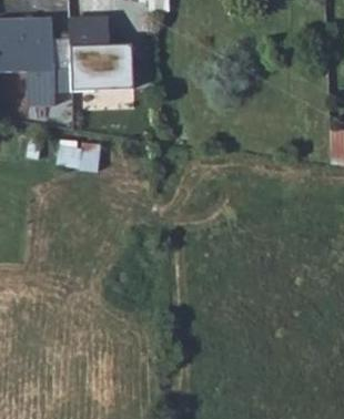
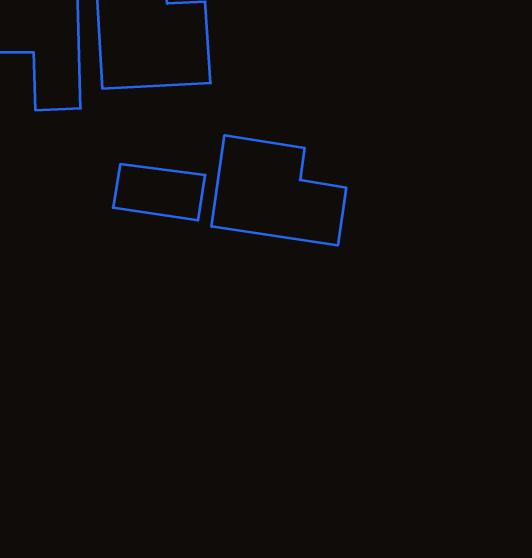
building: none -> [212,135,346,245]

